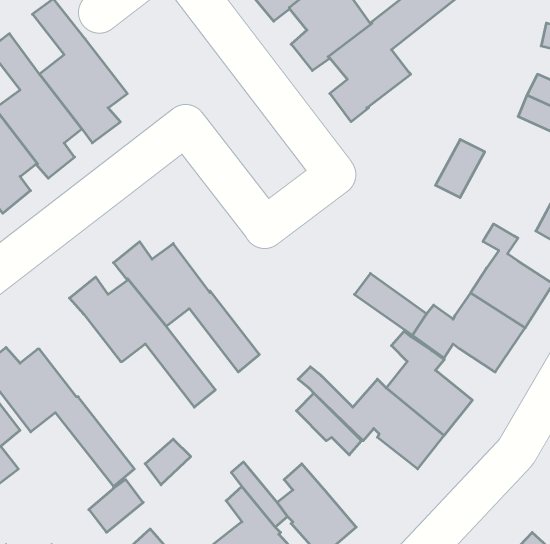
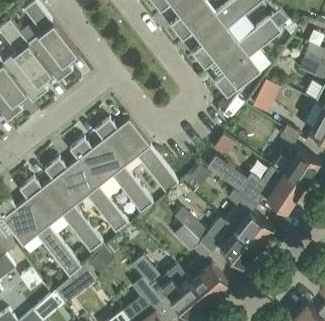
building: none -> [214,10,289,98]
building: none -> [95,119,179,192]
building: none -> [20,178,103,252]
building: none -> [191,263,228,300]

